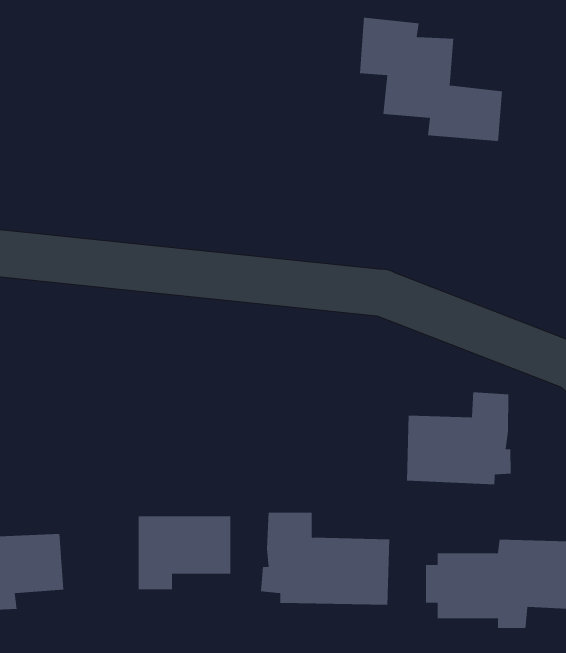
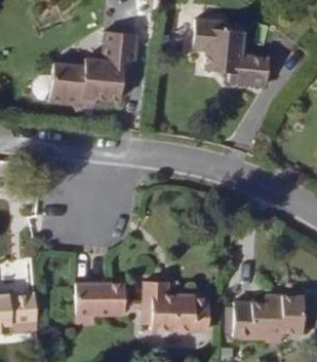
building: none -> [33,32,137,107]
building: [406,391,511,485] -> none

